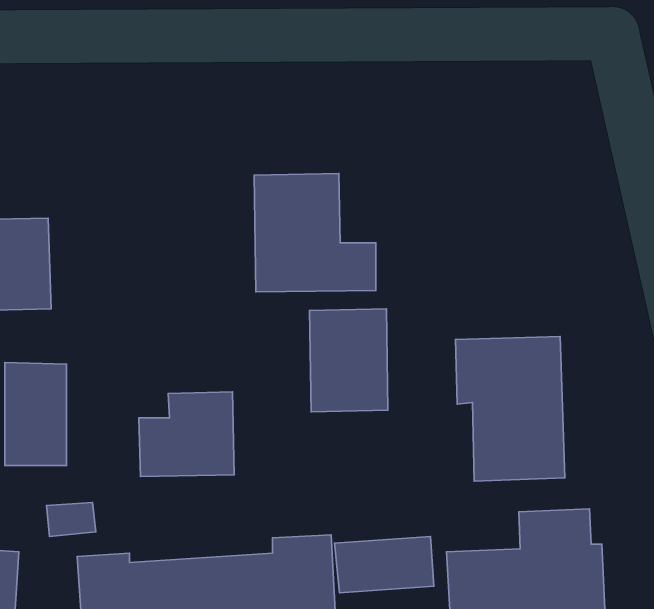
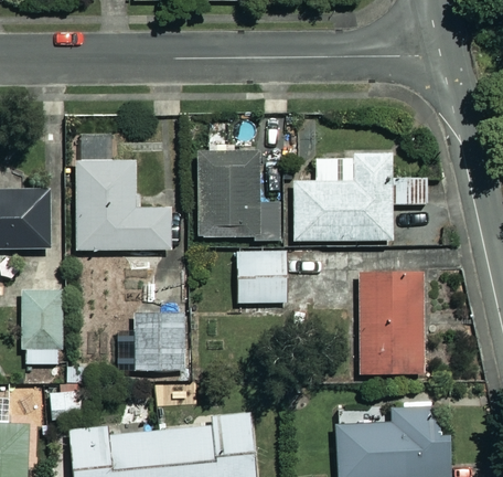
building: none -> [293,153,427,241]
building: none -> [72,162,170,251]
building: [335,537,434,593] -> none

